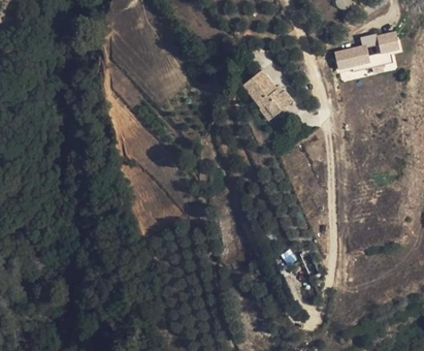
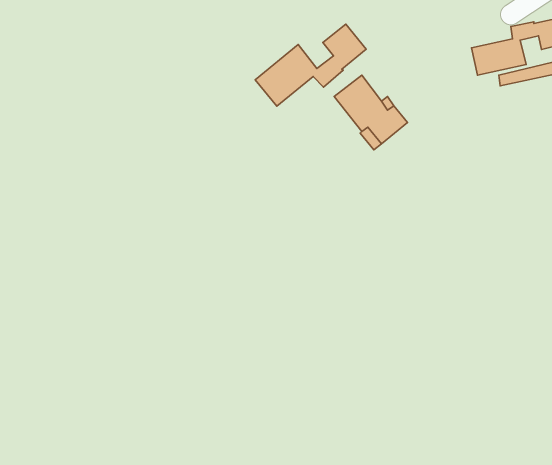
building: none -> [255,24,366,106]

